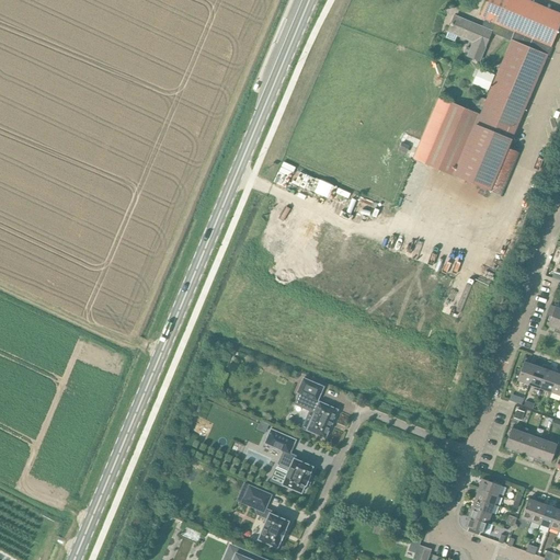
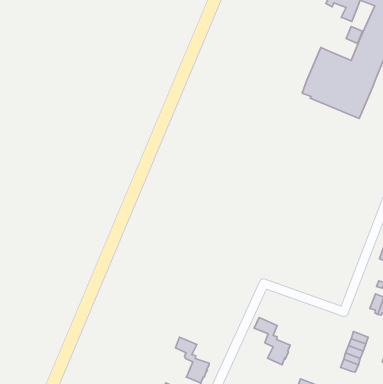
building: [296,377,339,437] -> none
building: [265,428,313,492] -> [254,317,290,365]

